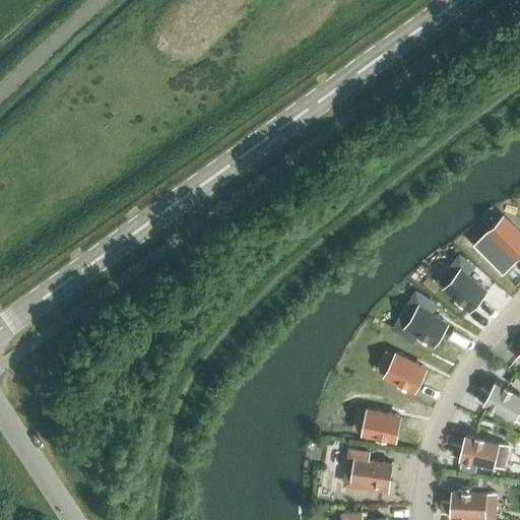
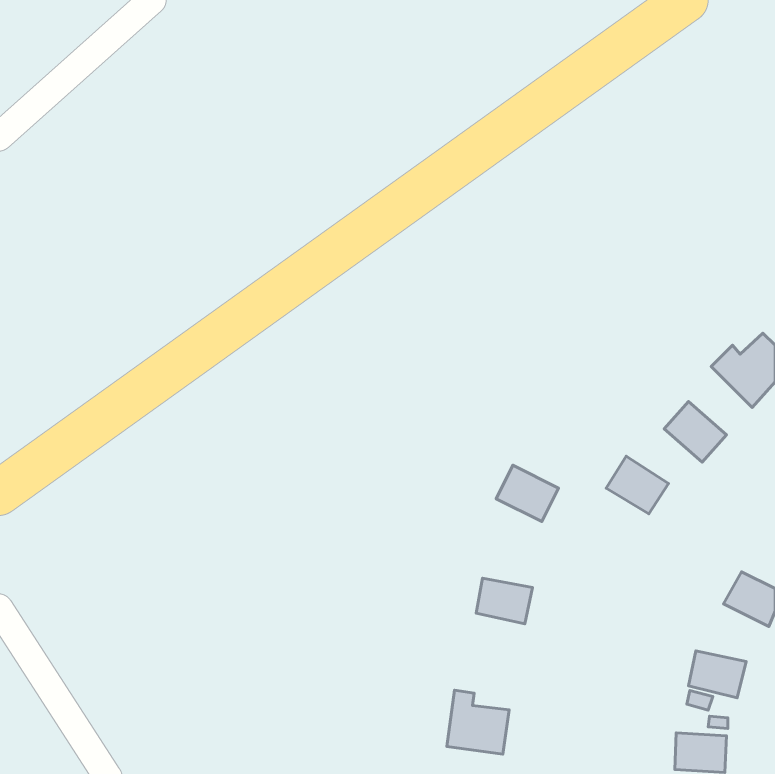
building: [384,354,426,392] -> [496,465,558,522]
building: [363,411,400,442] -> [476,578,532,624]
building: [350,451,392,494] -> [447,690,509,754]

